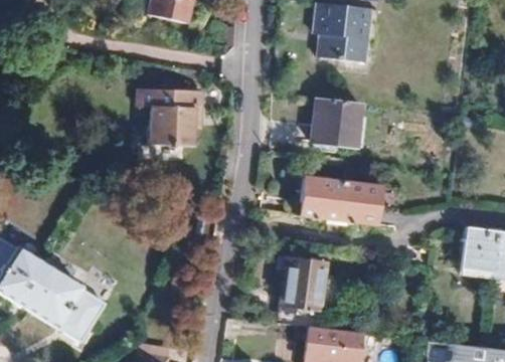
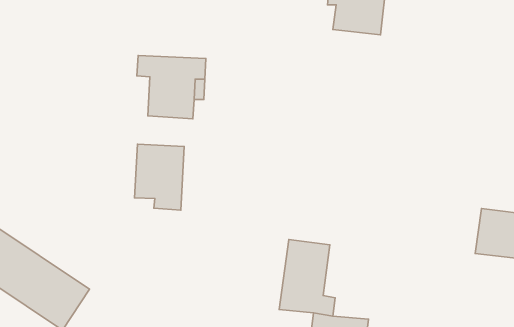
building: [309,98,357,145] -> none
building: none -> [135,144,184,210]
building: [297,176,370,224] -> none

